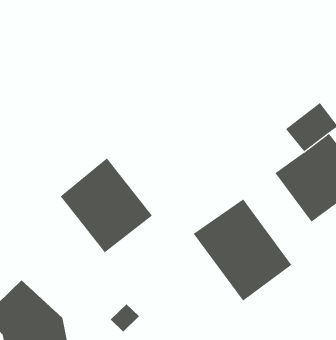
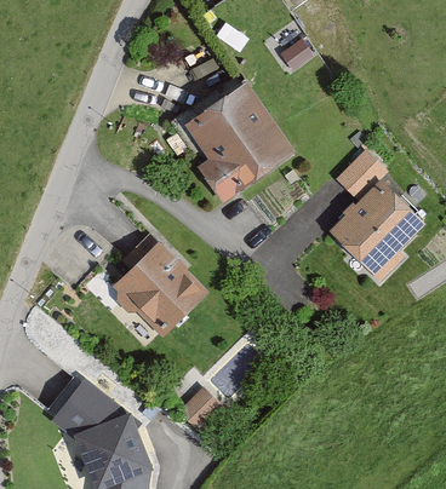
building: none -> [181,77,295,200]
building: [193,198,292,302] -> none

